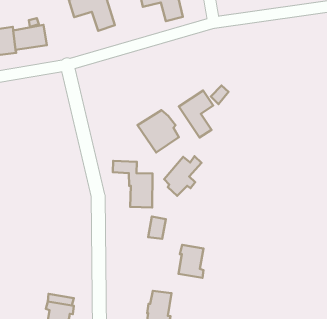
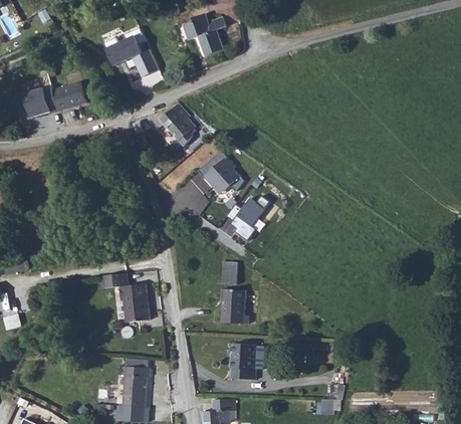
building: none -> [158,102,193,145]
building: [179,90,213,138] -> none
building: [113,161,153,208] -> [104,275,152,324]
building: [178,245,204,278] -> [220,292,247,325]

